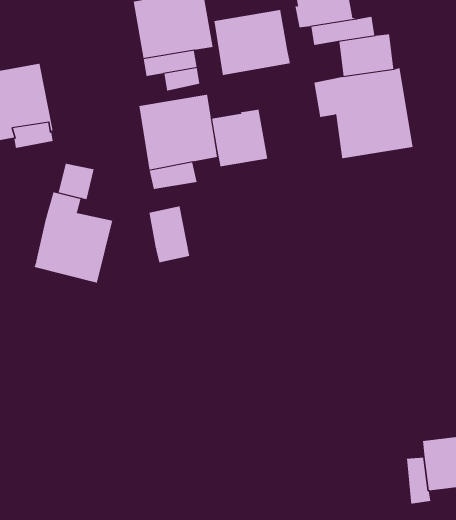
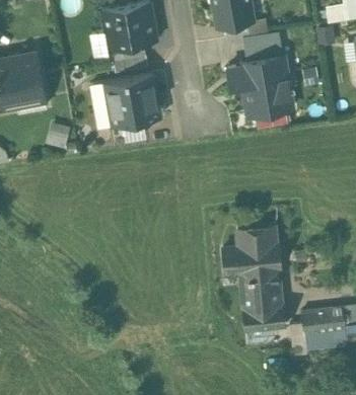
building: [214,9,291,76] -> none
building: [212,109,268,167] -> none
building: [34,191,113,283] -> none
building: [149,205,190,263] -> none
building: none -> [222,227,285,331]

